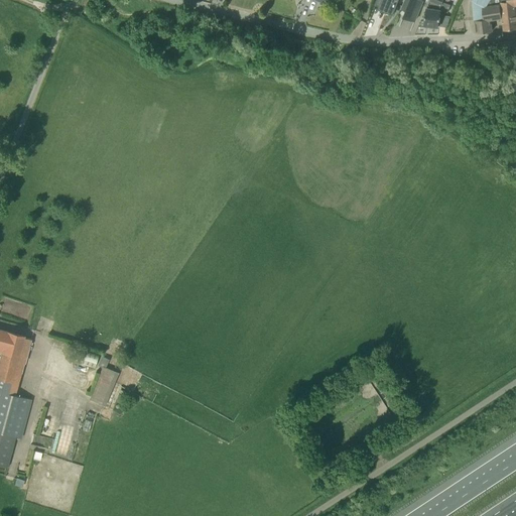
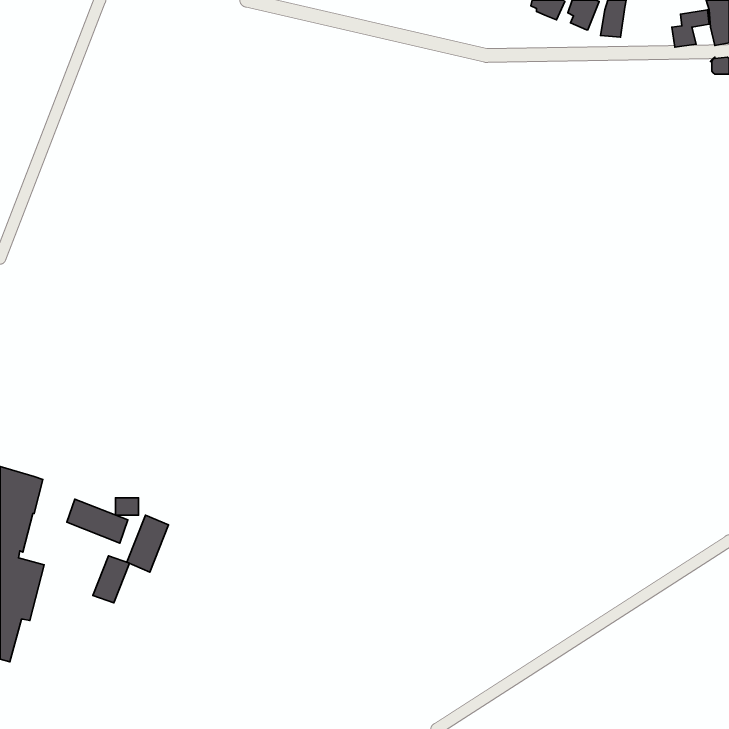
building: none -> [67,499,128,543]
building: none -> [93,556,129,603]

